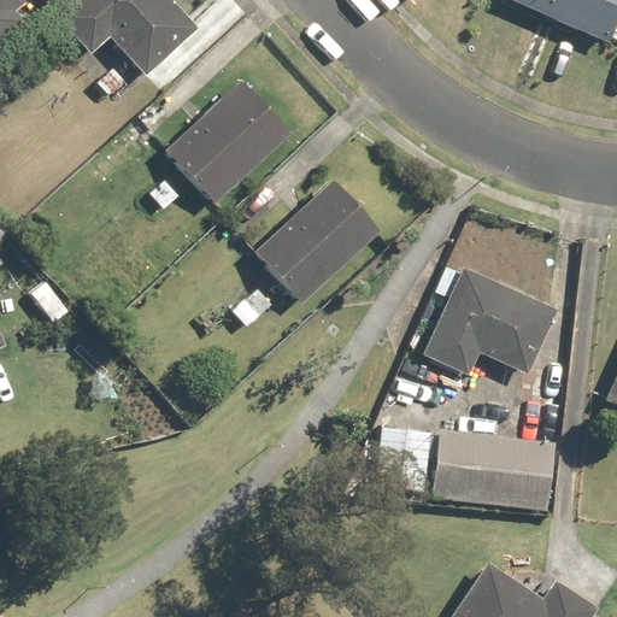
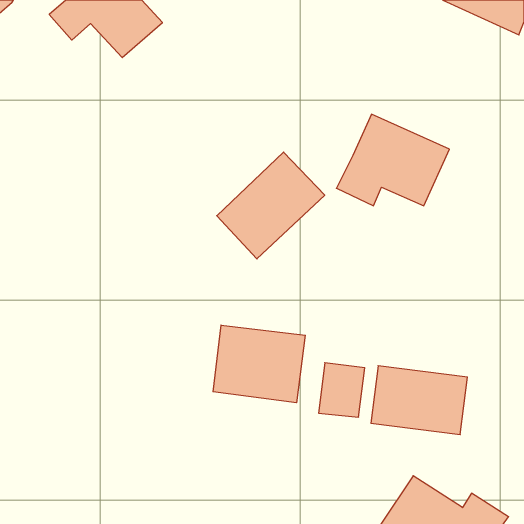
building: [169,81,289,200] -> none
building: [423,268,556,375] -> [336,114,449,206]
building: none -> [213,325,305,403]

